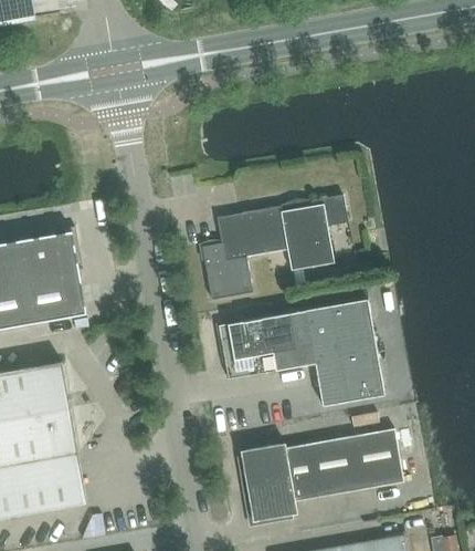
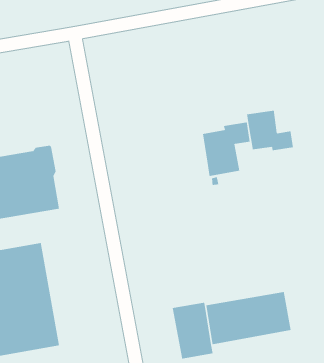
building: none -> [246,110,293,151]
building: [201,207,286,301] -> none
building: [217,299,387,405] -> none

